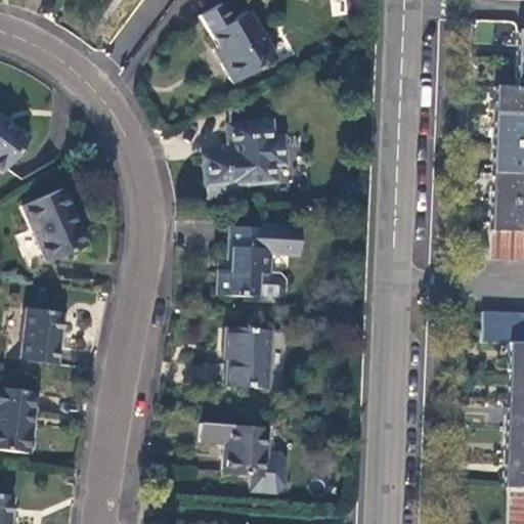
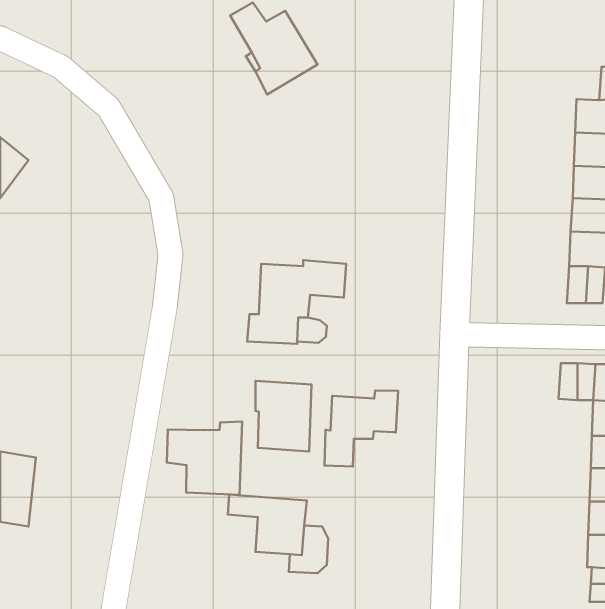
building: [205,120,286,198] -> none
building: [24,187,87,261] -> none
building: [20,308,62,363] -> none
building: none -> [325,390,398,466]
building: none -> [167,422,242,495]

